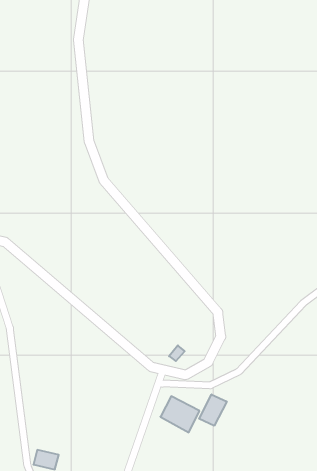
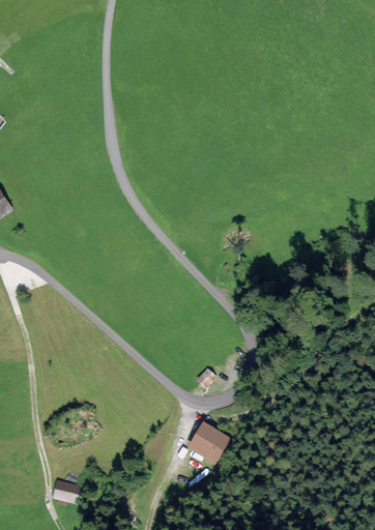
building: [199,394,227,426] -> none

